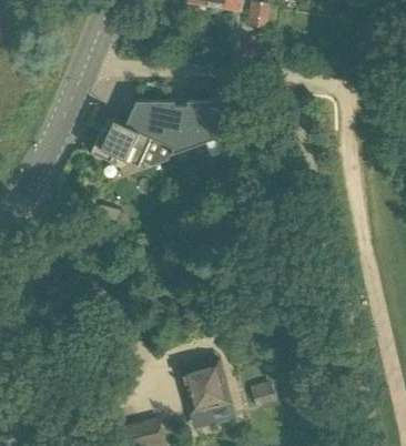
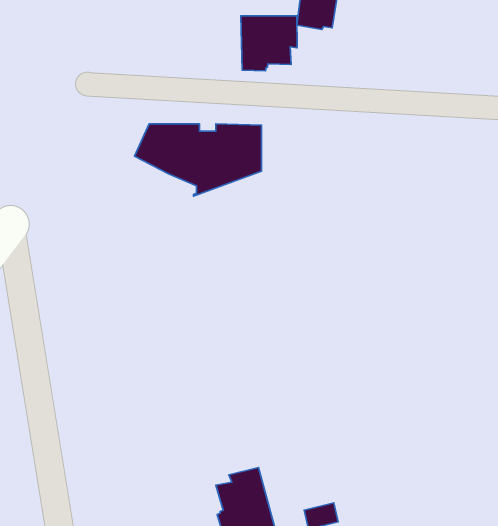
building: none -> [241,16,297,71]
building: [88,120,149,166] -> none

